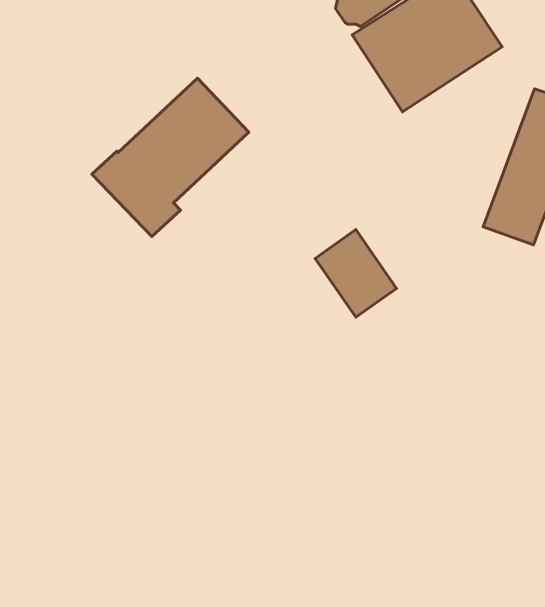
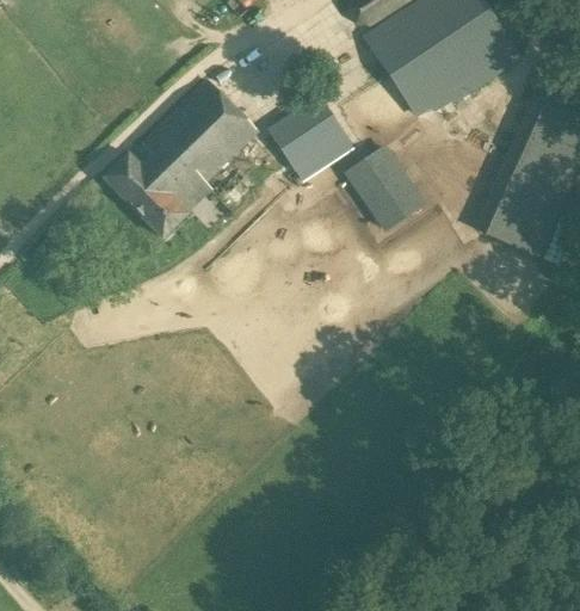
building: none -> [272,101,356,185]
building: [315,230,397,317] -> [348,137,430,224]

